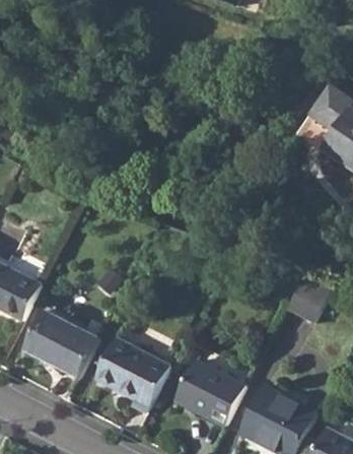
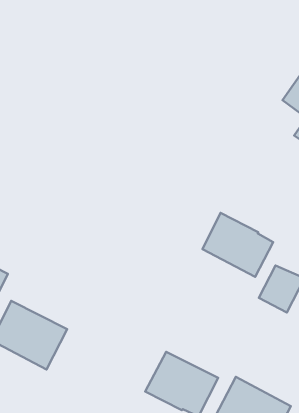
building: none -> [202,213,273,277]
building: [95,337,170,411] -> none

